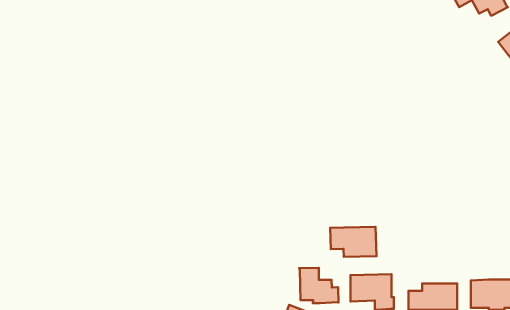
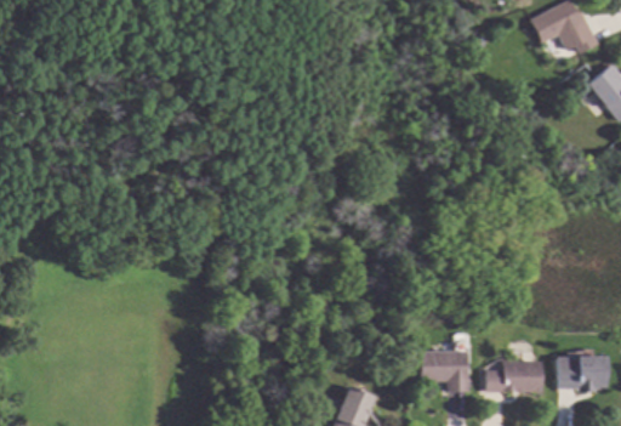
building: [330,227,376,257] -> none
building: [299,268,339,303] -> none

